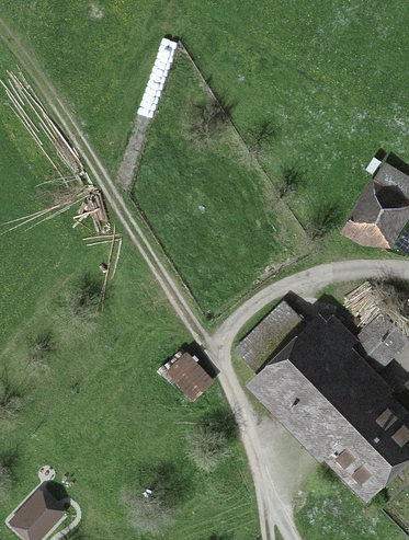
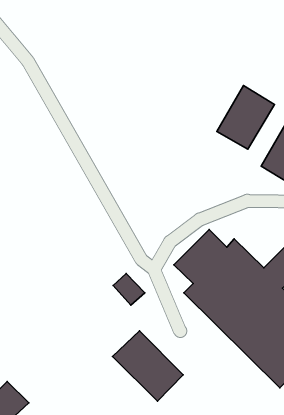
building: none -> [217,86,274,149]
building: none -> [113,331,183,401]

